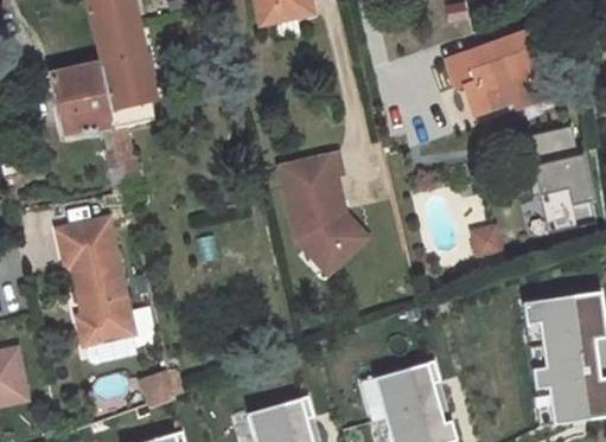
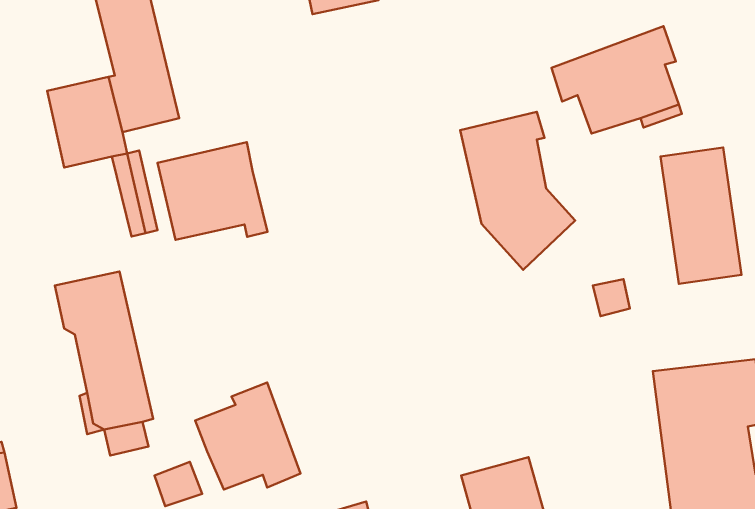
building: none -> [158,142,268,240]
building: [278,152,366,274] -> [460,112,575,270]
building: none -> [195,383,301,490]

